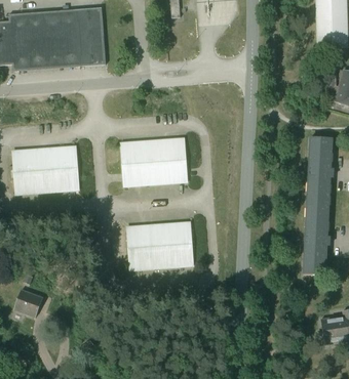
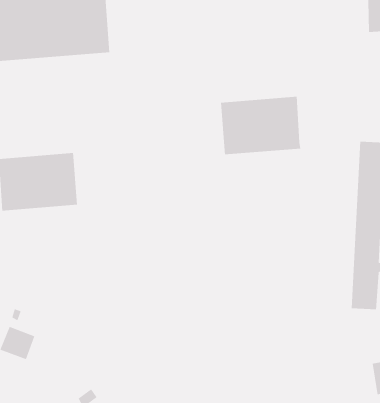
building: [120,137,187,185] -> [220,96,301,155]
building: [126,221,192,269] -> none

